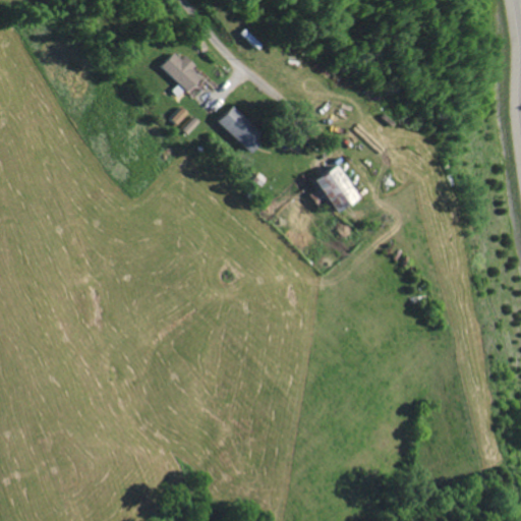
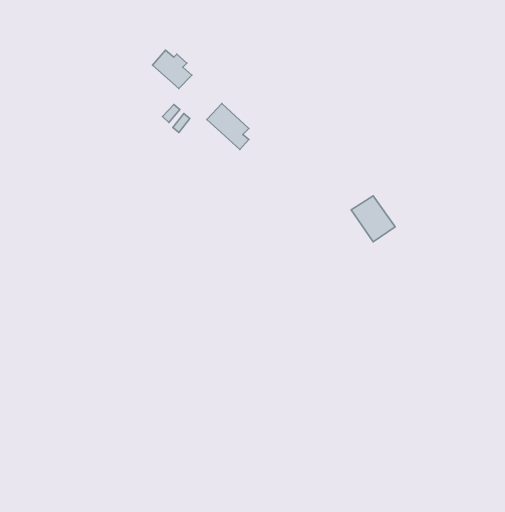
building: [311,166,356,213] -> [351,196,395,242]

